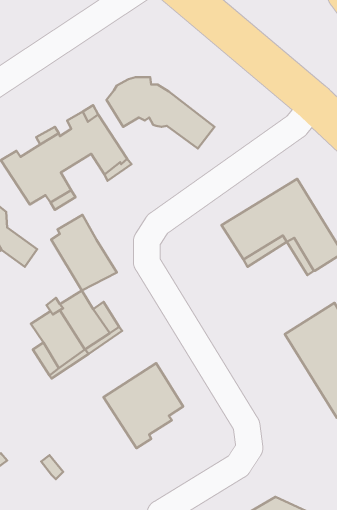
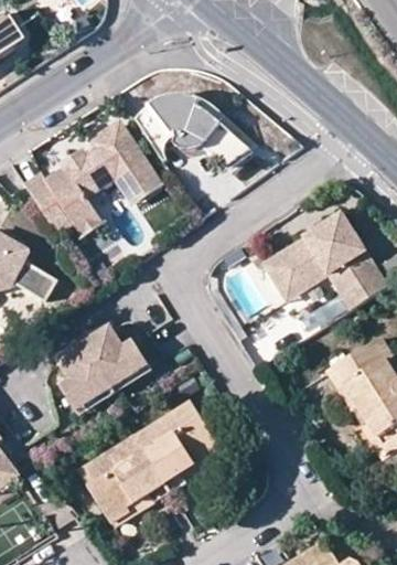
building: [51,215,117,291] -> none
building: none -> [77,437,169,522]

